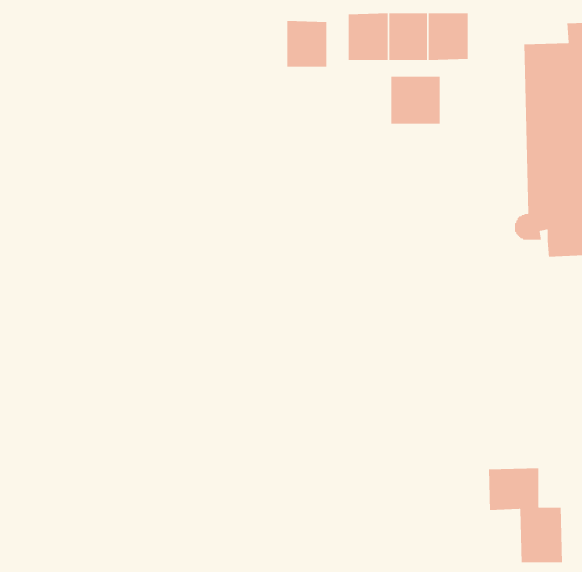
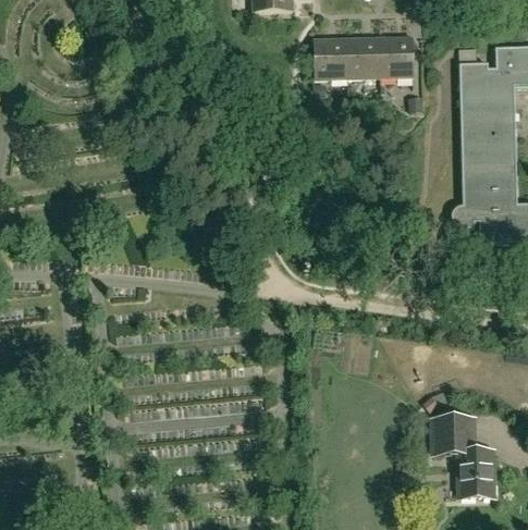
building: [287,20,327,68] -> none
building: [391,76,440,125] -> none

